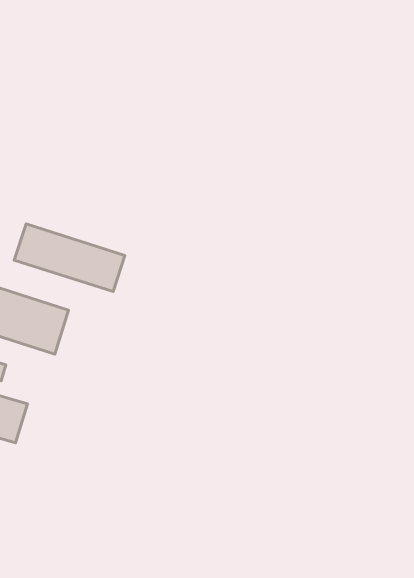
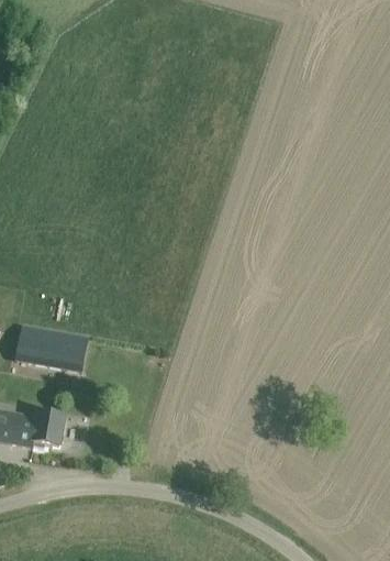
building: [14,224,125,292] -> none

